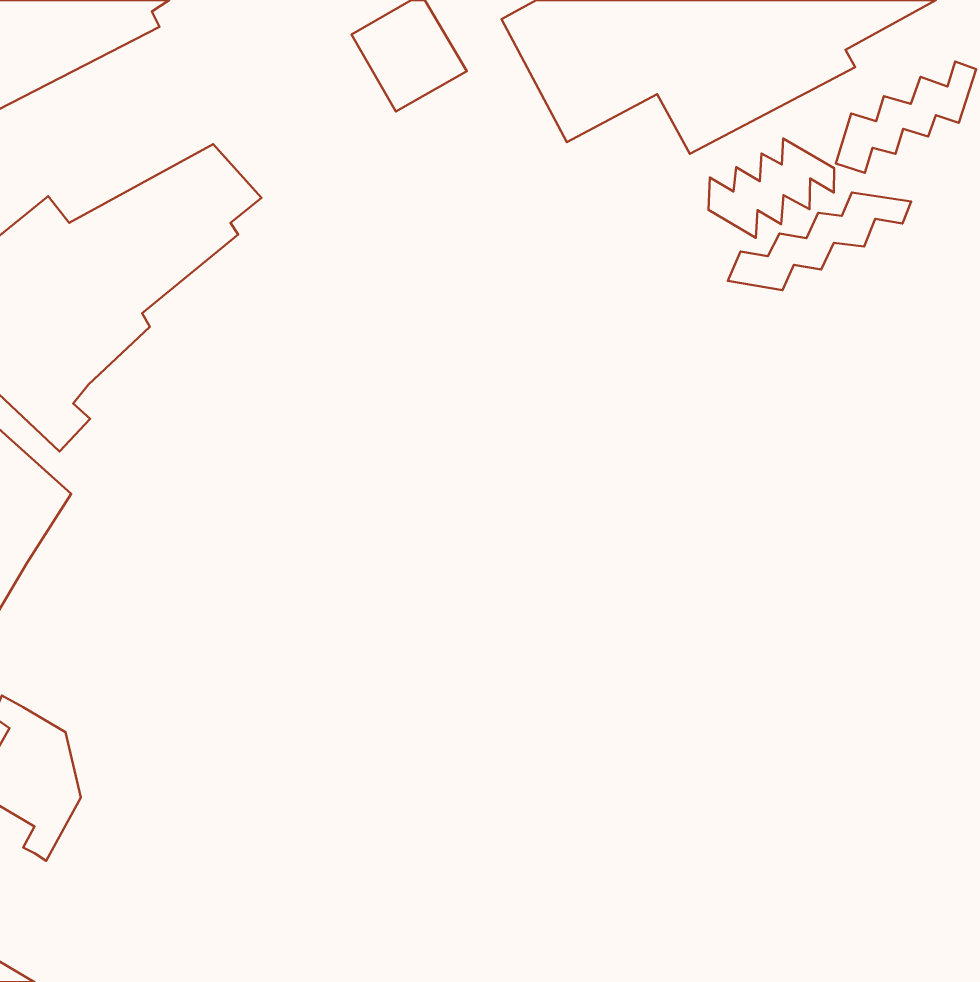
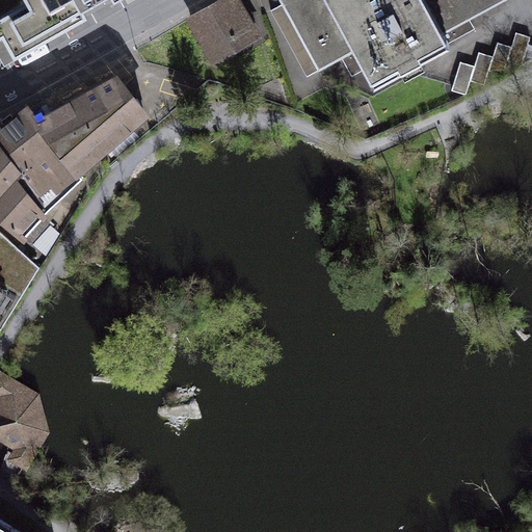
building: [709,139,834,238] -> none
building: [728,192,911,290] -> none

